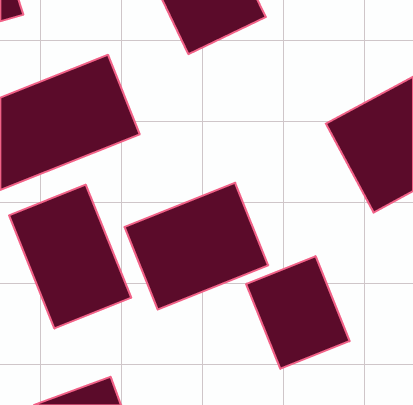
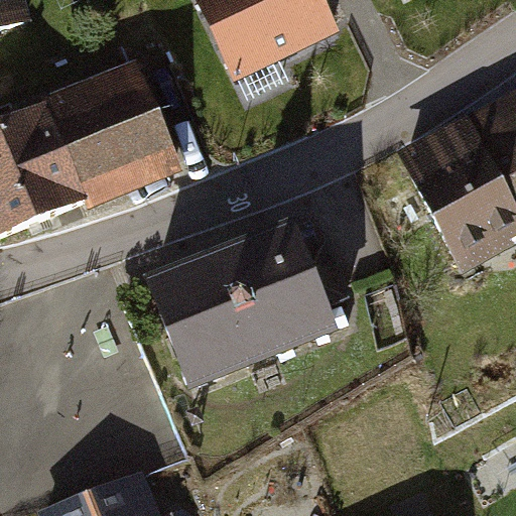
building: [9,185,131,329] -> none
building: [246,256,350,369] -> none

